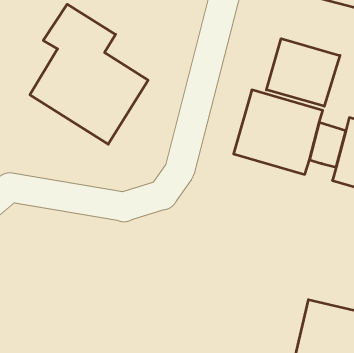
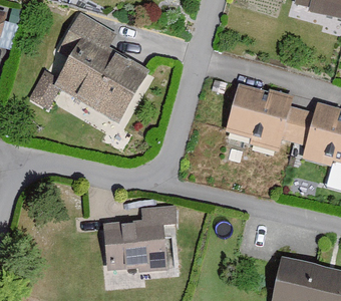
building: [266,39,340,106] -> none
building: none -> [103,208,182,277]

